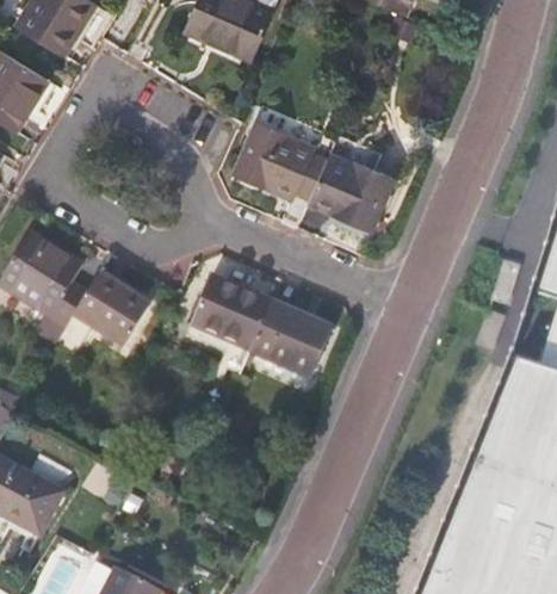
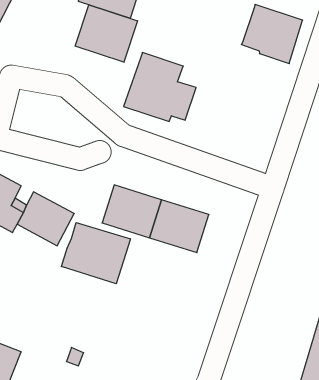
building: none -> [75,5,138,62]
building: [309,154,392,236] -> [241,4,303,64]
building: none -> [61,223,130,284]

